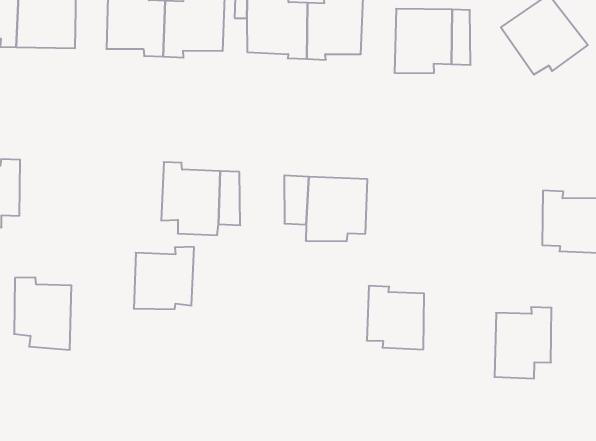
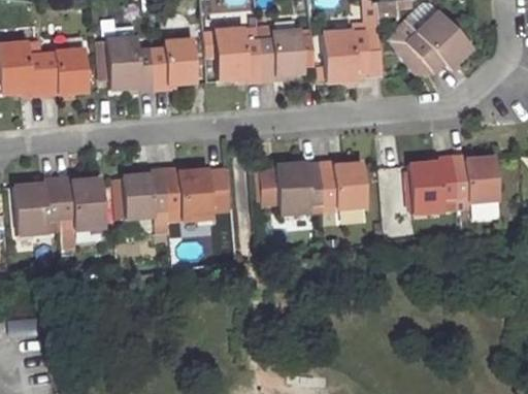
building: [134,247,194,309] -> [121,168,167,220]
building: [14,277,72,350] -> [56,176,103,229]
building: [367,286,424,349] -> [319,163,365,209]
building: [494,307,552,379] -> [410,158,456,215]

